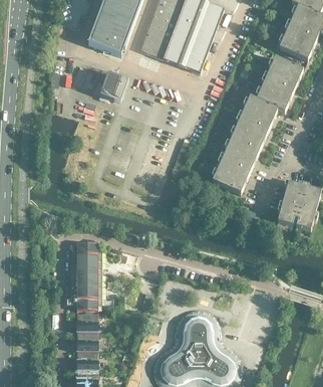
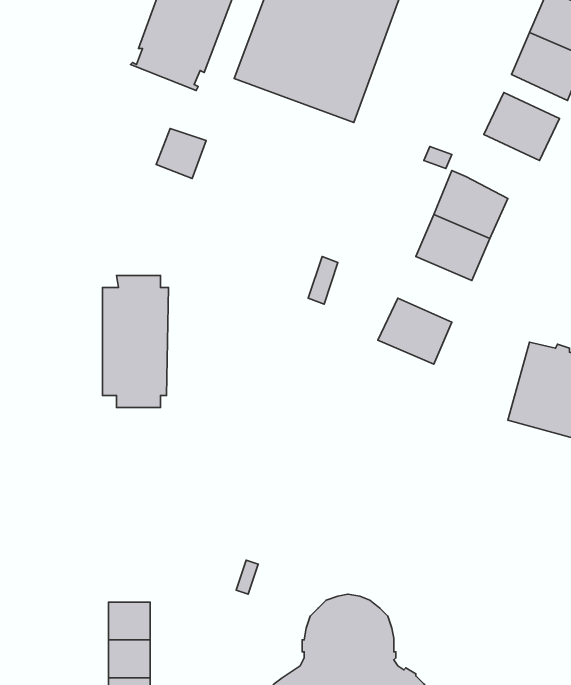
building: [256,77,293,112] -> none
building: [222,139,259,172] -> none
building: [68,243,101,310] -> [103,275,168,407]

